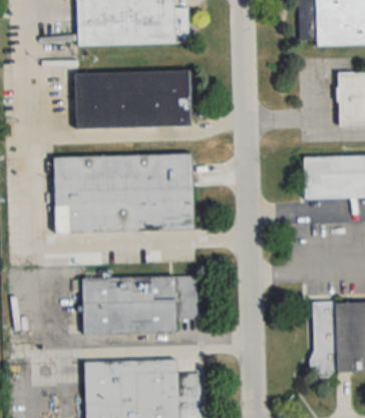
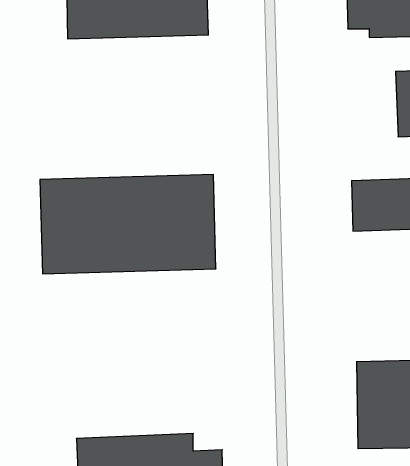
building: [73,69,192,126] -> none
building: [83,273,197,335] -> none

